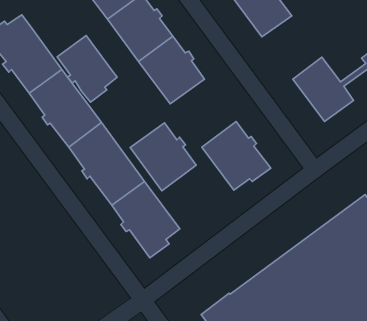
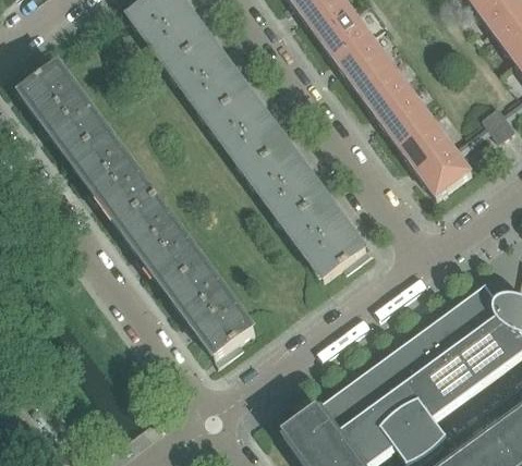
building: none -> [357,63,432,142]
building: [57,36,117,102] -> none
building: [130,123,196,191] -> [244,142,326,225]

